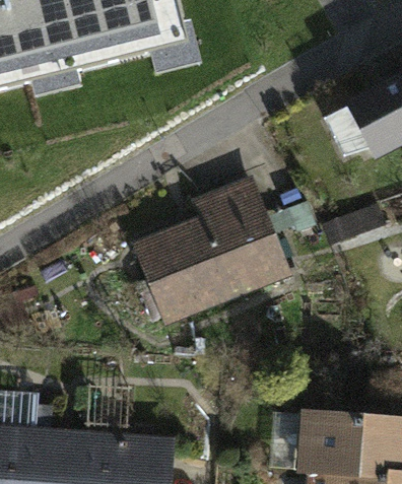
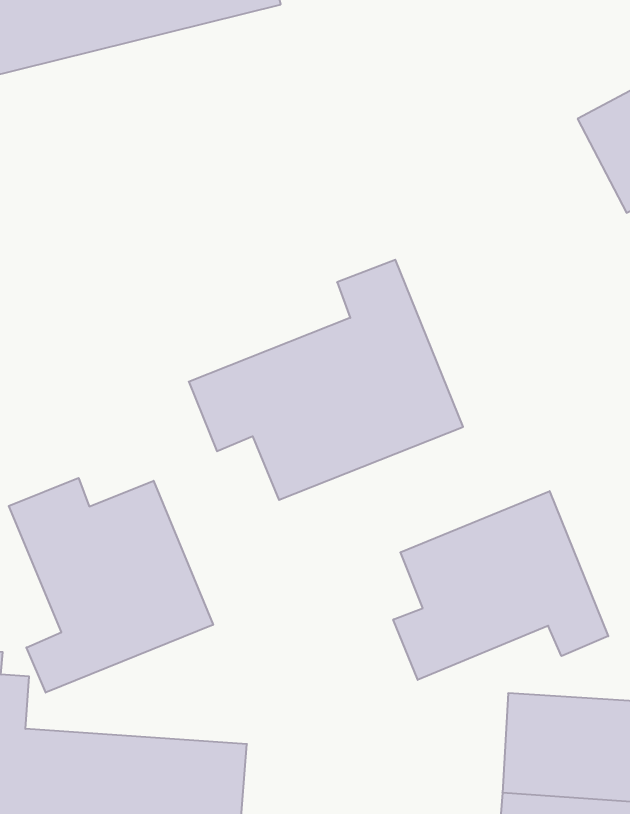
building: none -> [9,478,213,693]
building: none -> [393,491,608,680]

